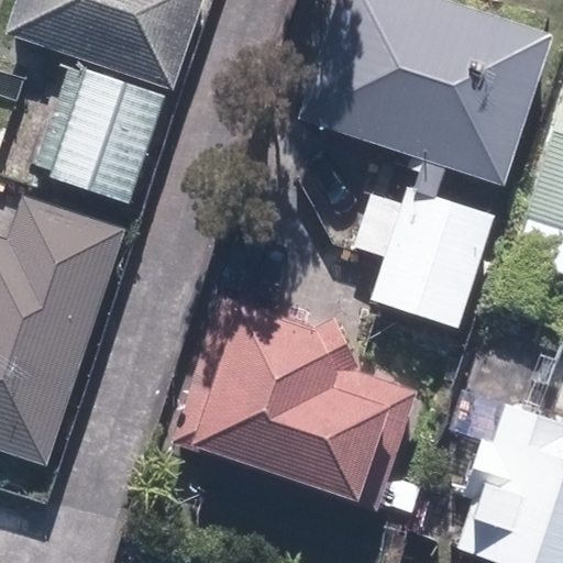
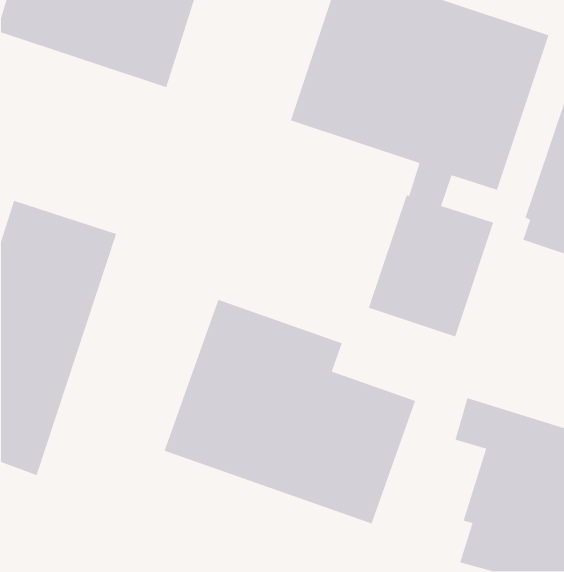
building: [38,64,166,201] -> none

